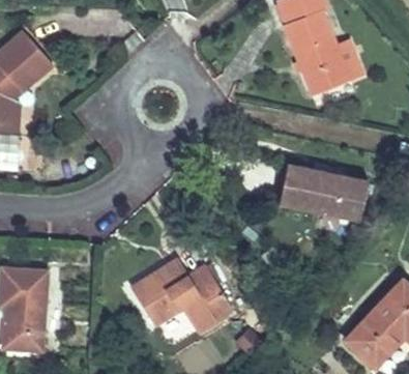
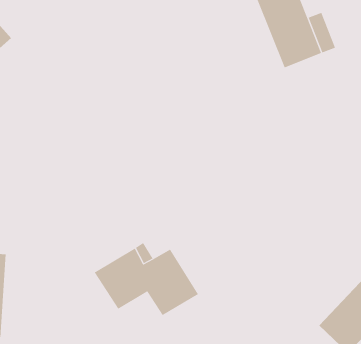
building: [277,164,367,221] -> none

